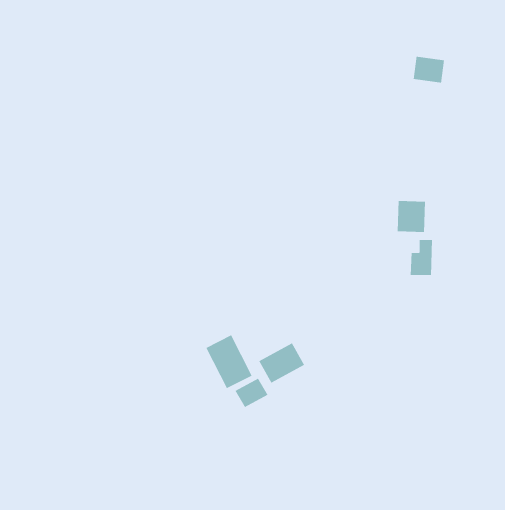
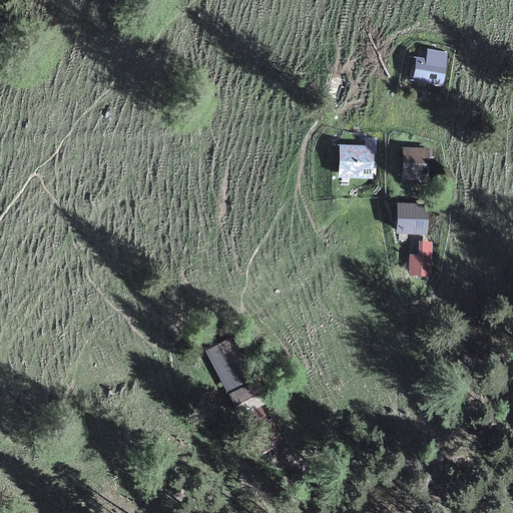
building: none -> [338,138,375,178]
building: none -> [402,146,430,177]
building: [259,343,305,384] -> none

